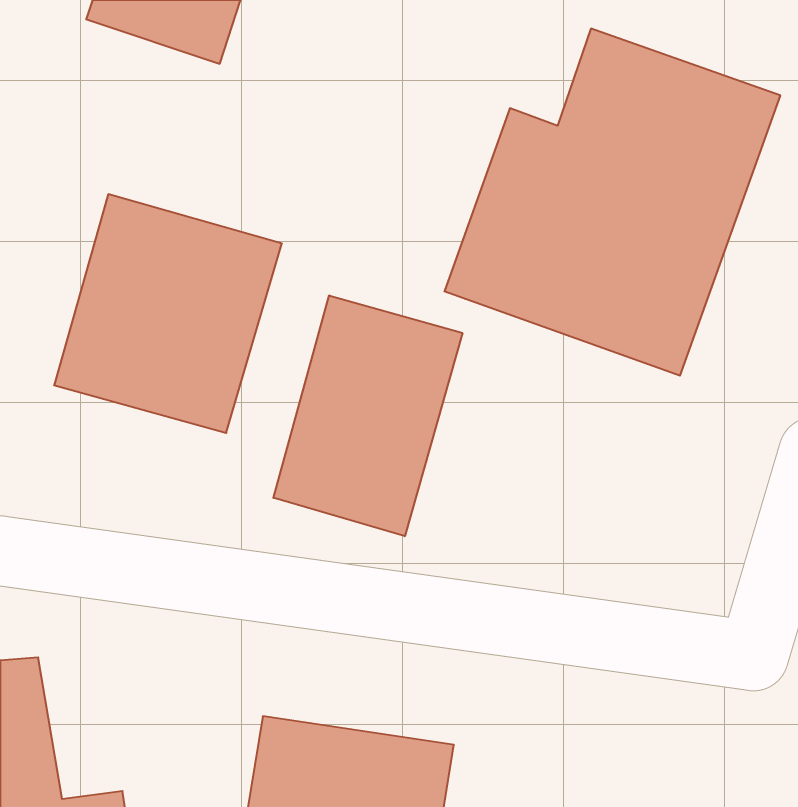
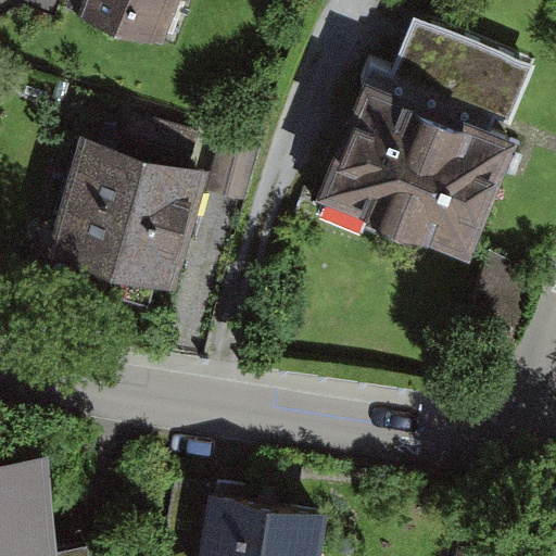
building: [273,295,462,536] -> none

